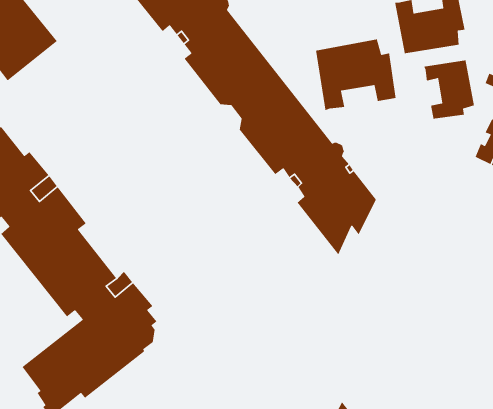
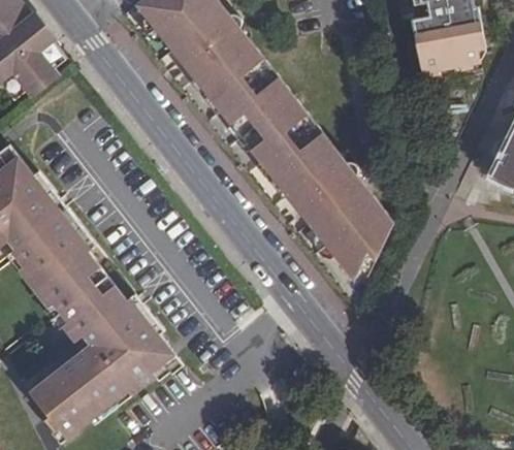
building: [315,38,396,111] -> none
building: [423,59,475,120] -> none

